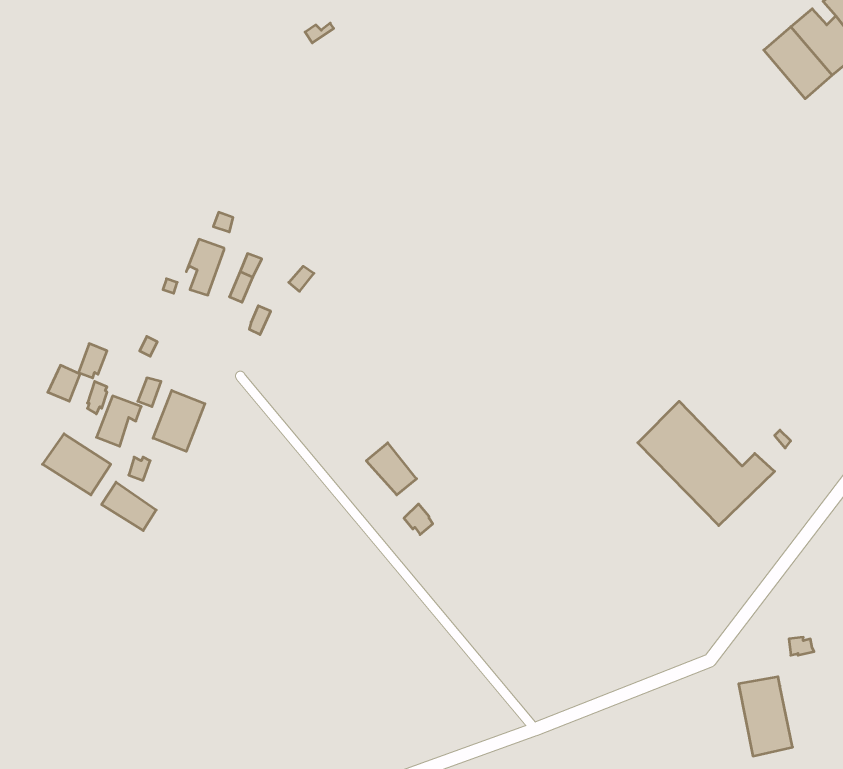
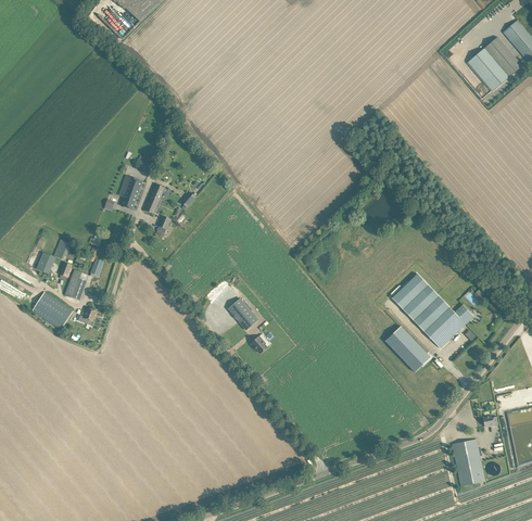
building: [153,390,205,451] -> none
building: [102,482,156,531] -> none
building: none -> [384,326,430,371]

